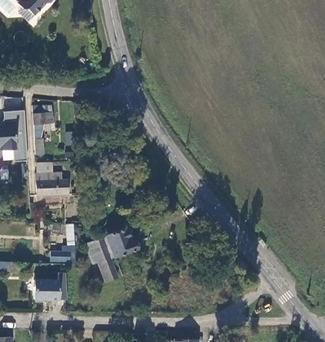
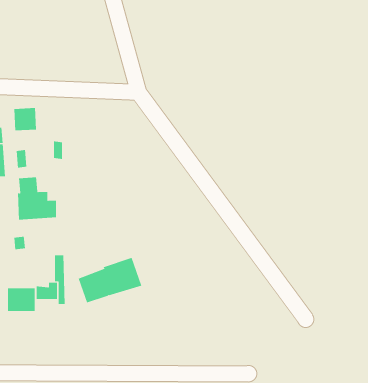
building: [90,257,117,284] -> none
building: [35,280,58,299] -> [7,288,36,311]

